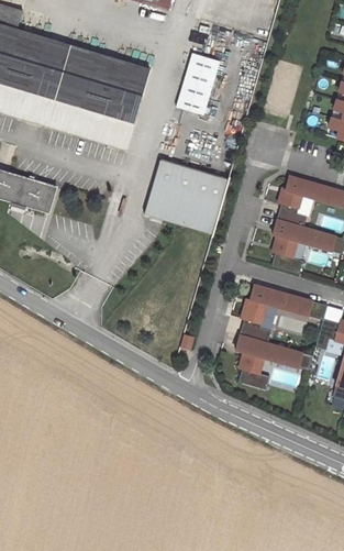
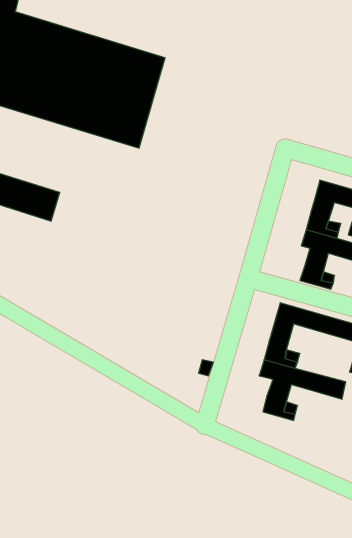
building: [177,54,220,117] -> none
building: [145,159,230,236] -> none

